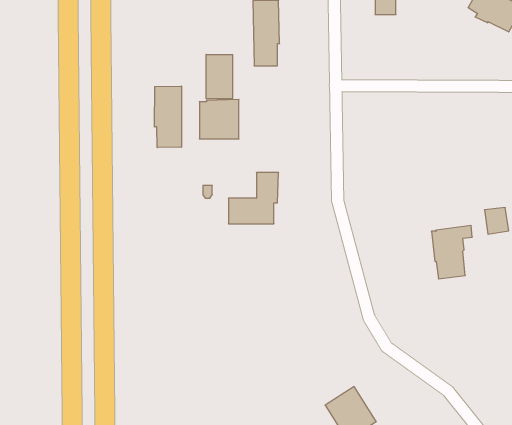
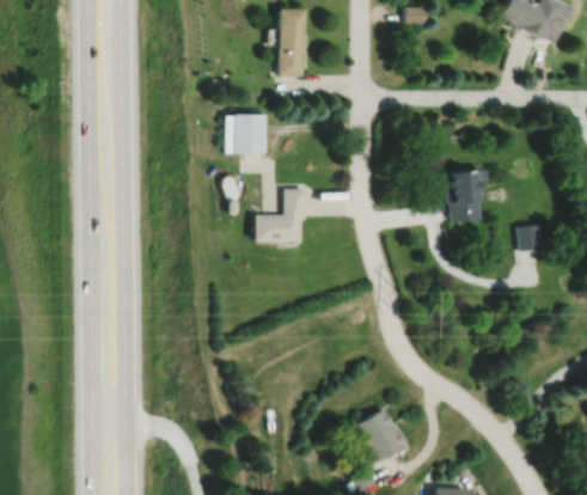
building: [206,54,233,99] -> none
building: [154,86,181,148] -> none
building: [431,225,472,279] -> [444,166,485,221]

